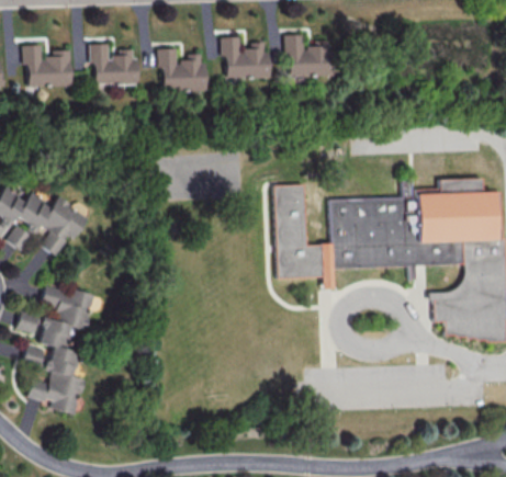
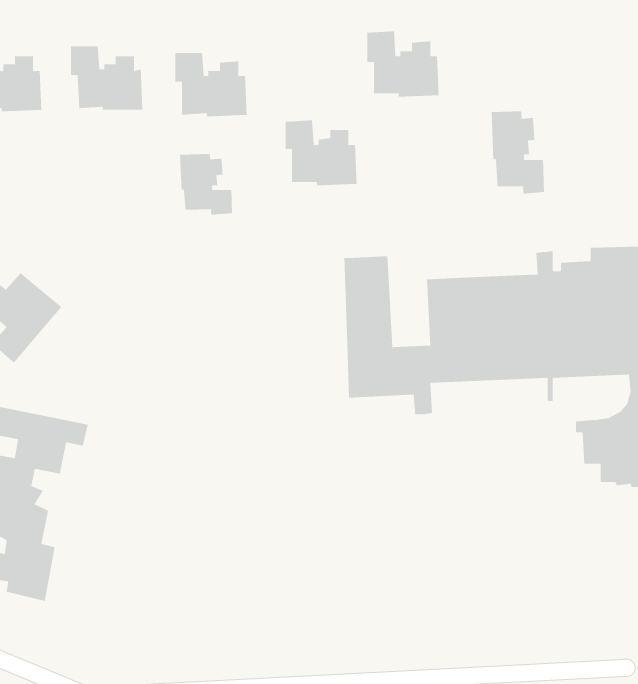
building: [224,36,272,80] -> [285,120,358,186]
building: none -> [491,110,544,195]
building: none -> [180,153,233,216]

